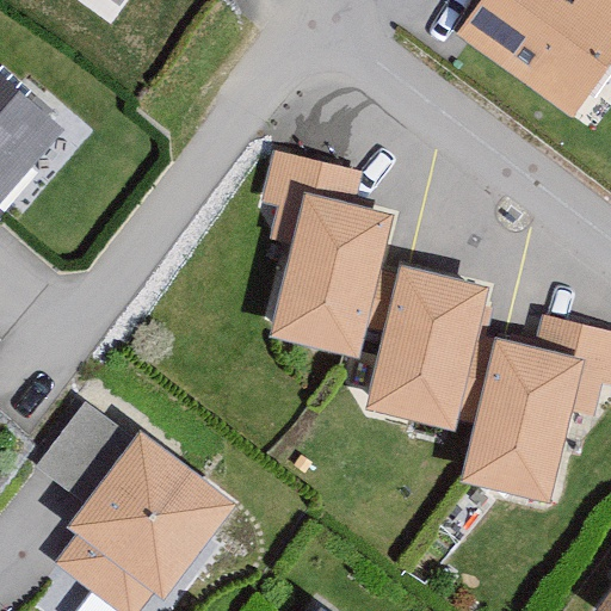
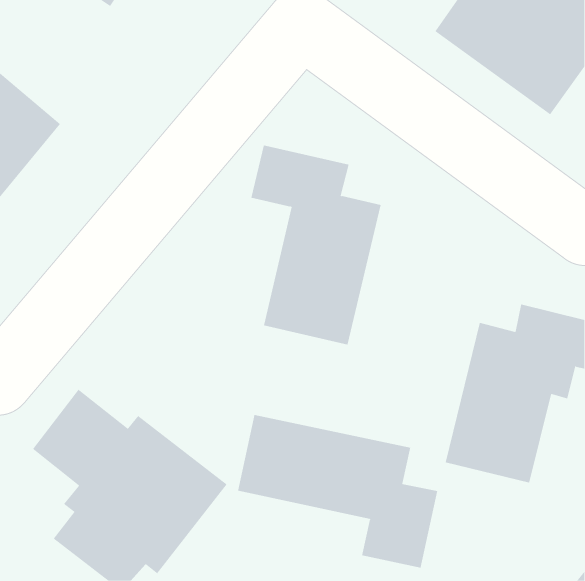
building: [370,264,483,430] -> none
building: none -> [237,414,438,568]

